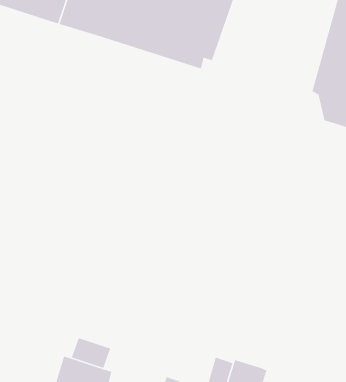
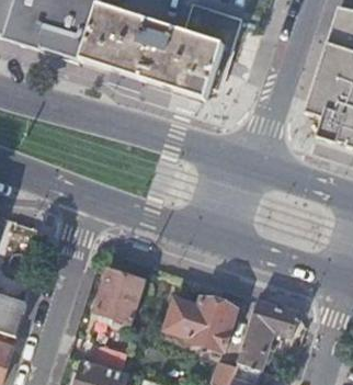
building: none -> [96,269,143,321]
building: none -> [164,295,236,350]
building: none -> [237,298,298,369]

